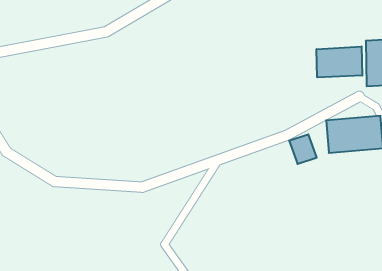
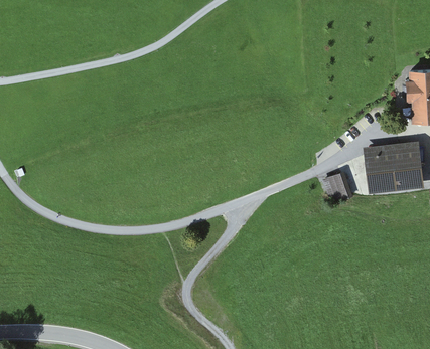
building: [317,46,362,77] -> none

